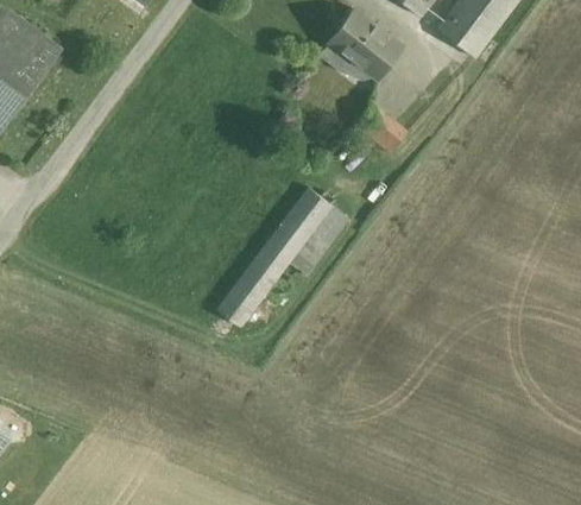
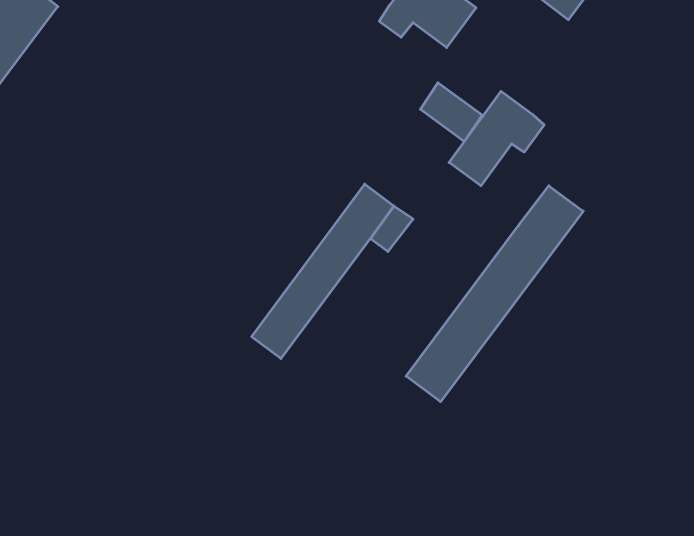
building: none -> [449,91,544,186]
building: none -> [406,186,583,402]

